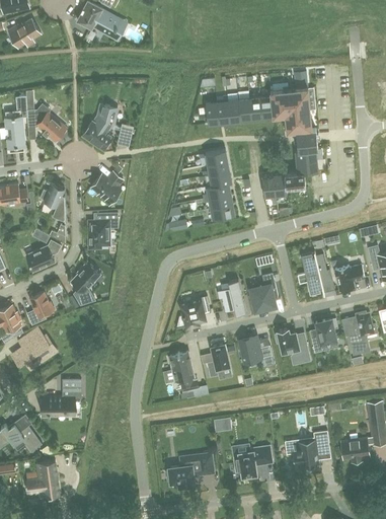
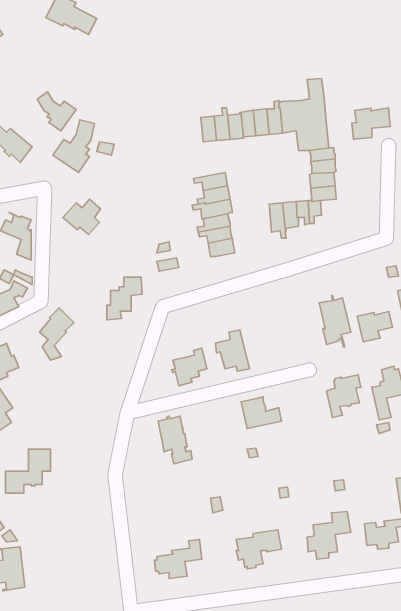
building: none -> [37,92,76,131]
building: none -> [352,108,390,139]
building: [88,213,118,248] -> [107,277,142,320]
building: [250,273,278,310] -> none
building: [275,328,310,363] -> none
building: [206,344,230,377] -> none

